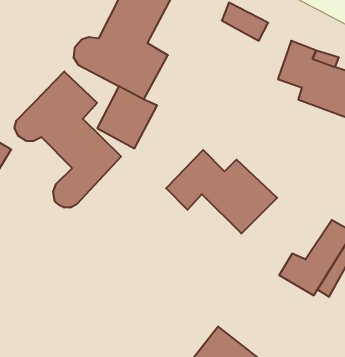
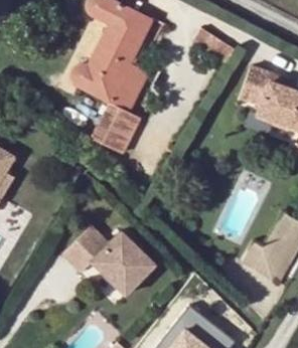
building: [14,71,121,208] -> none
building: [166,150,277,234] -> [63,223,157,294]

